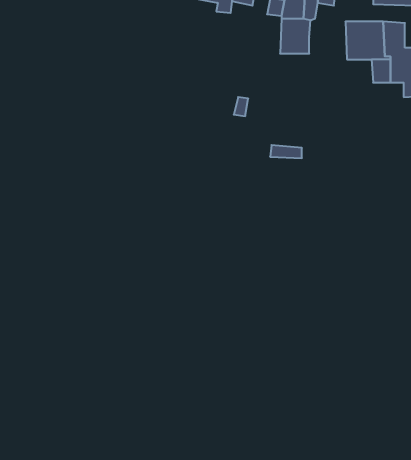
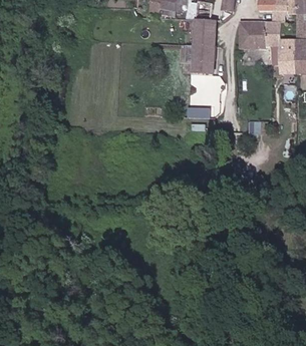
building: none -> [194,43,215,71]

